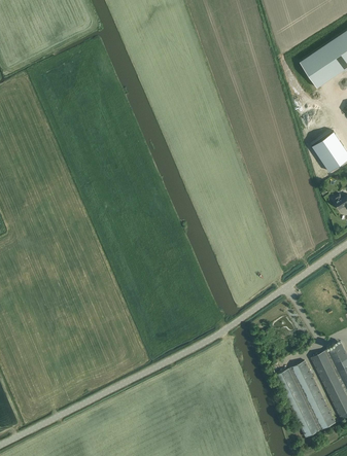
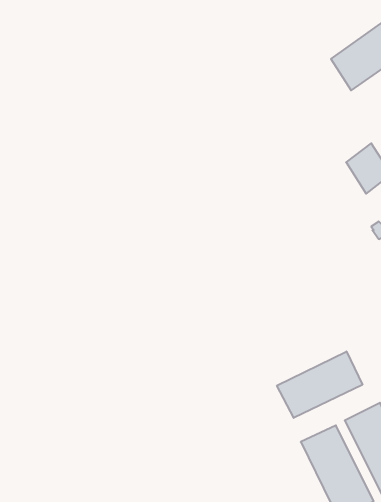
building: none -> [277,351,362,418]

